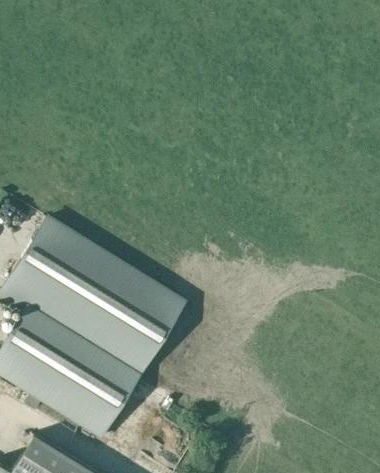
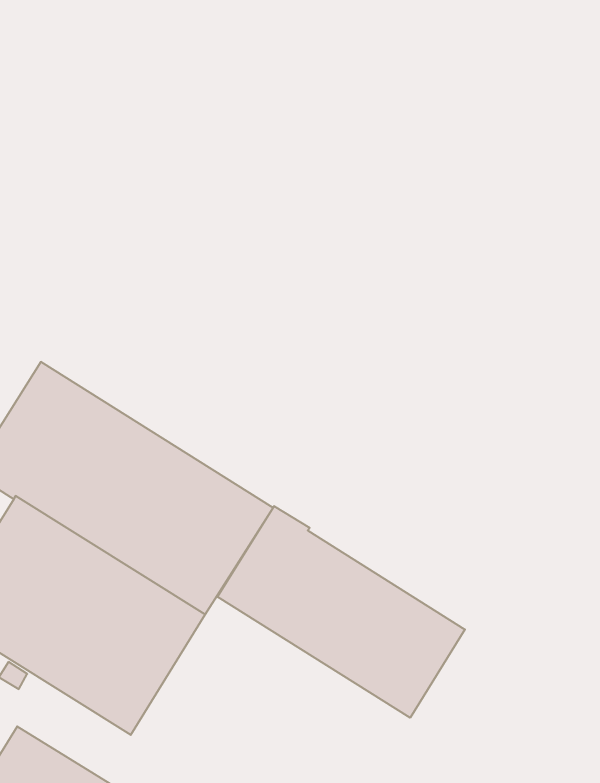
building: none -> [217,506,465,718]

